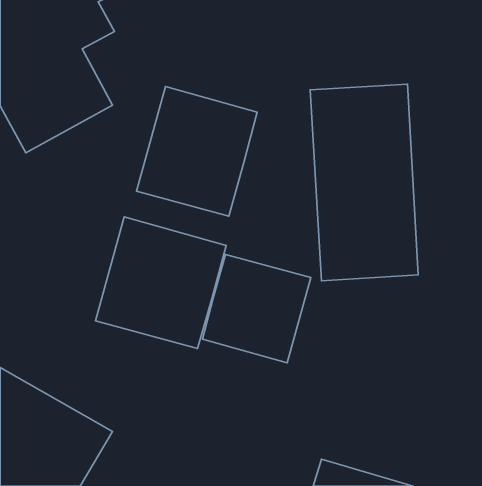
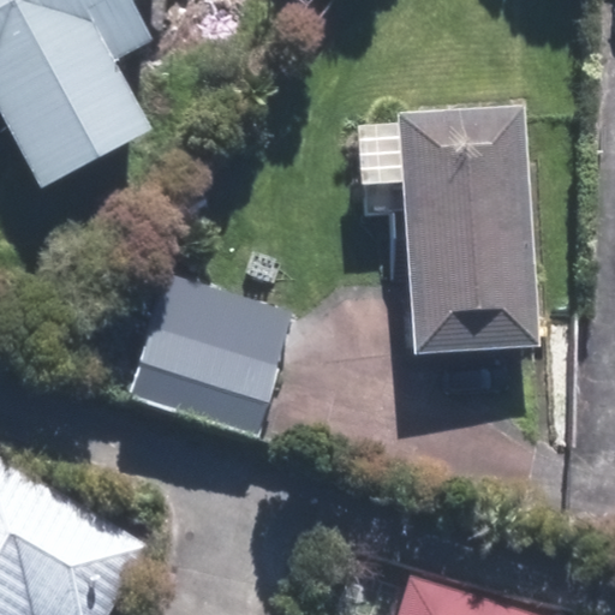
building: [137,86,257,216] -> none
building: [202,254,311,363] -> none

